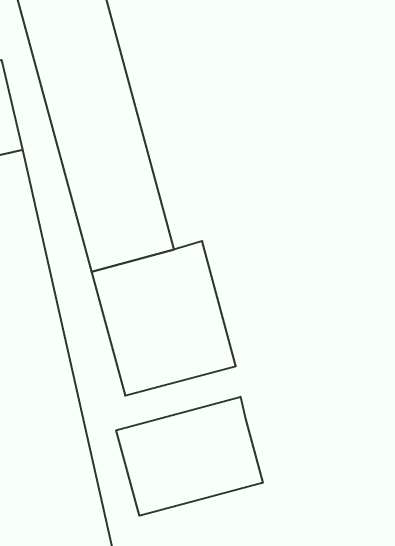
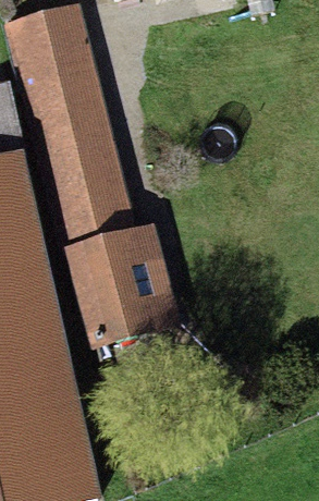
building: [116,397,263,516] -> none

